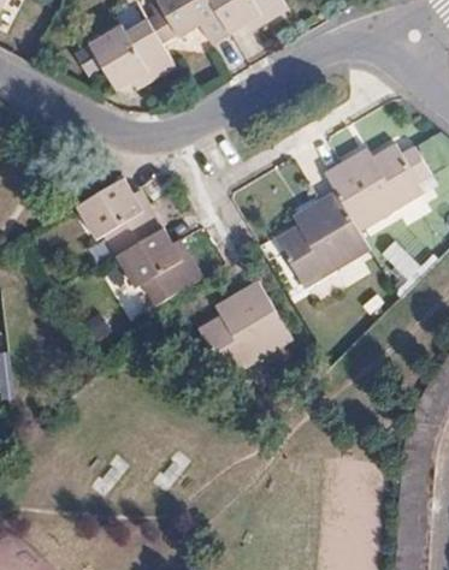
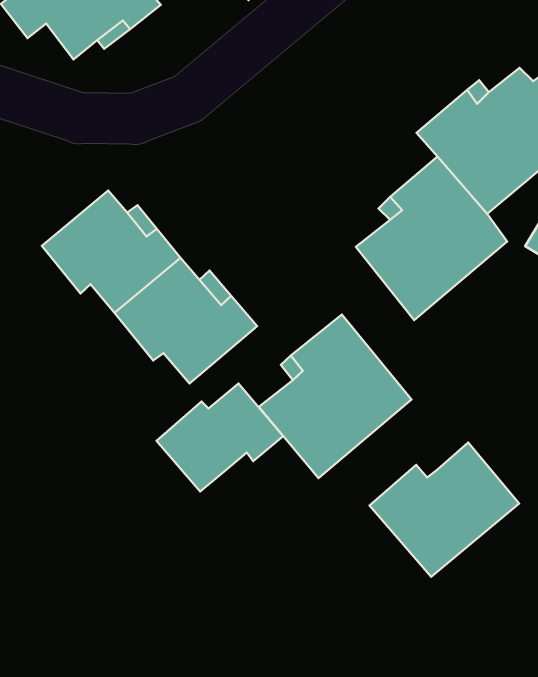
building: none -> [157,383,283,492]
building: none -> [370,442,519,577]

